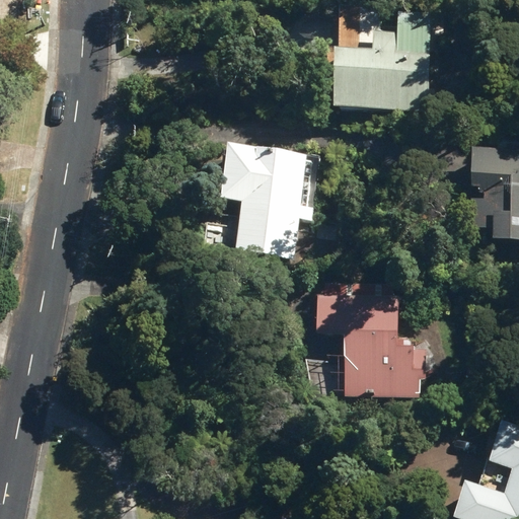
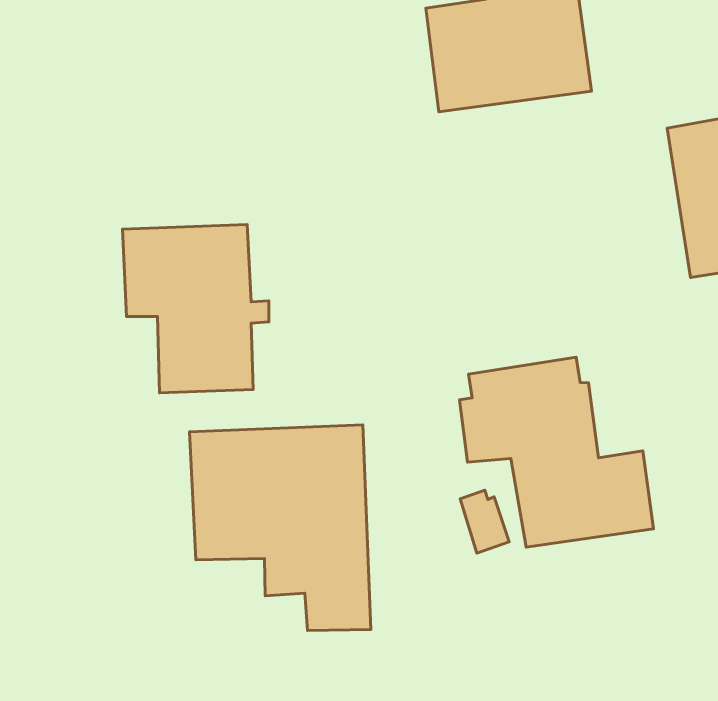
building: [223,144,313,256] -> [123,224,269,393]
building: none -> [189,425,371,631]

